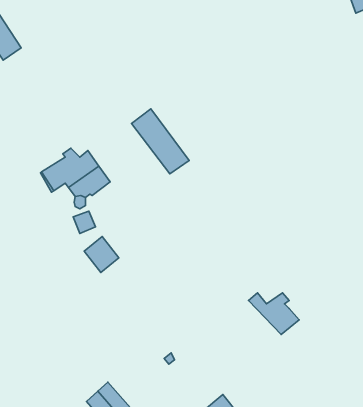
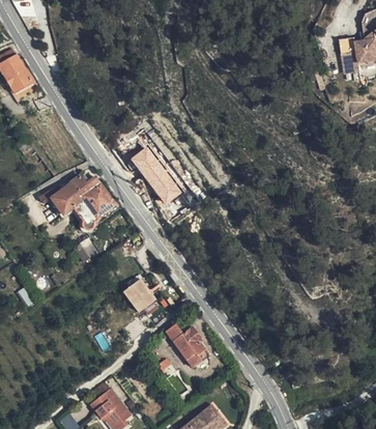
building: [84,237,119,273] -> [119,283,151,316]
building: [249,293,299,334] -> [164,328,210,367]

